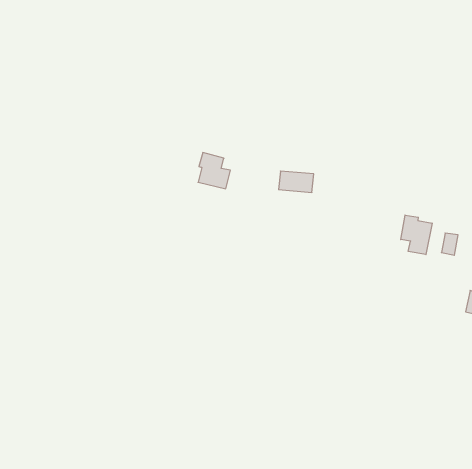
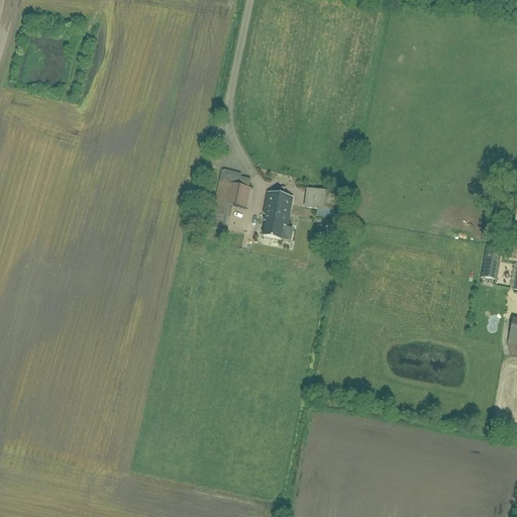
building: none -> [263,190,293,240]
building: [401,215,432,255] -> none

